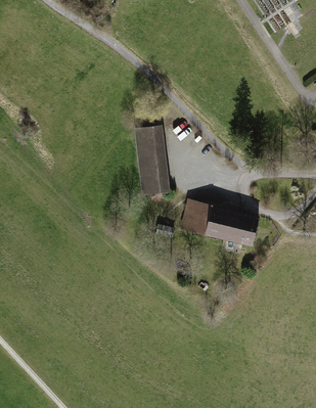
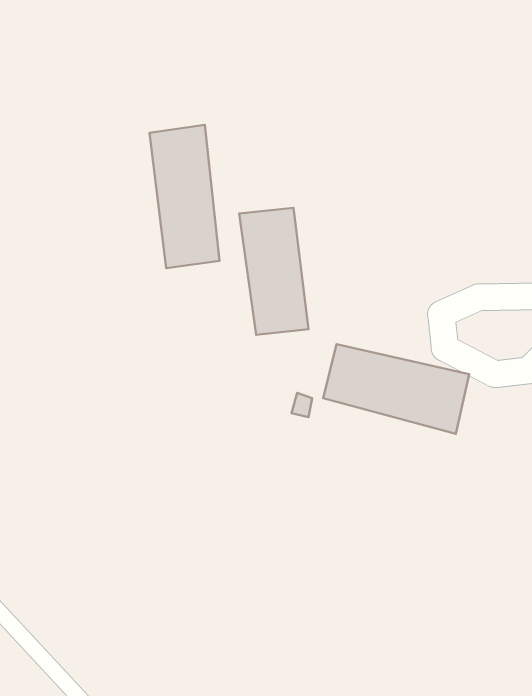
building: none -> [150,125,220,268]

